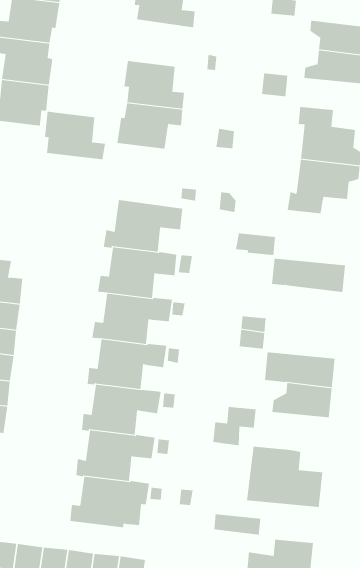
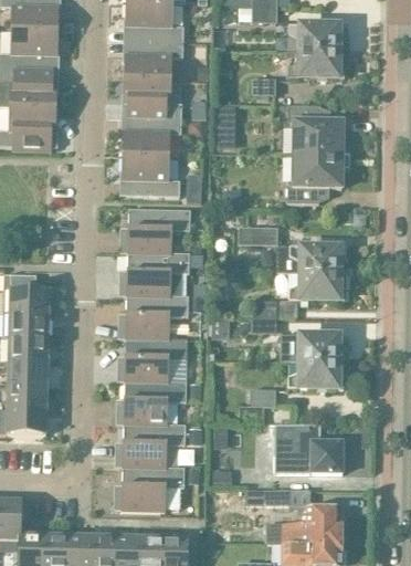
building: none -> [125,39,183,78]
building: [44,111,106,160] -> [123,155,180,195]
building: none -> [292,271,346,298]

